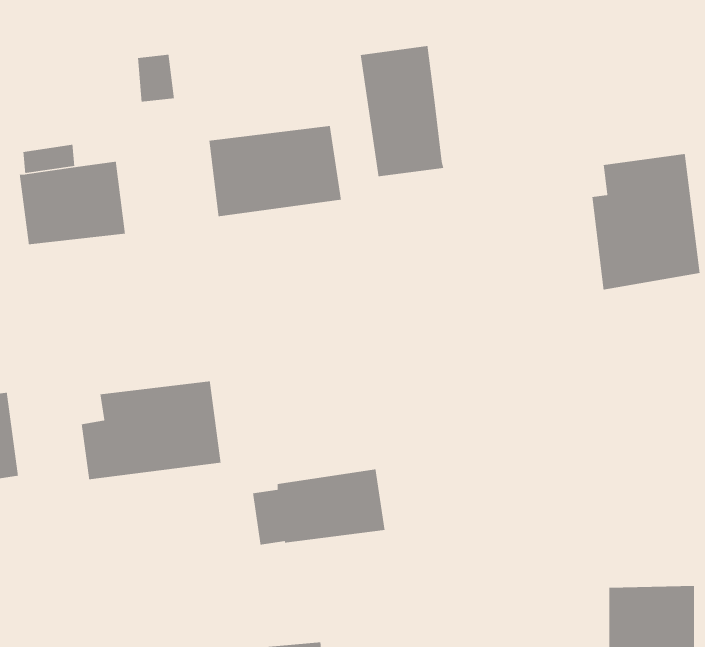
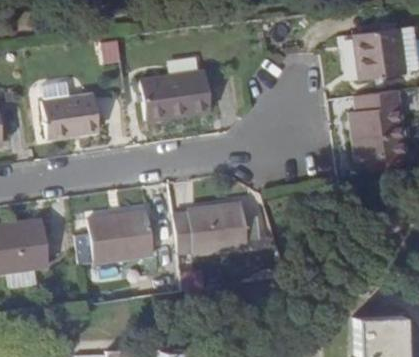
building: none -> [352,29,403,79]
building: [360,45,444,177] -> none
building: [252,468,386,545] -> [175,204,246,245]

